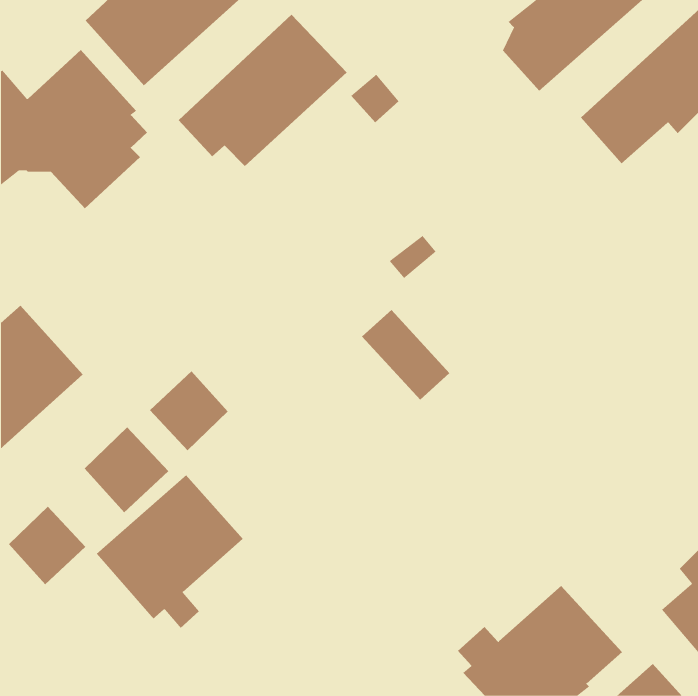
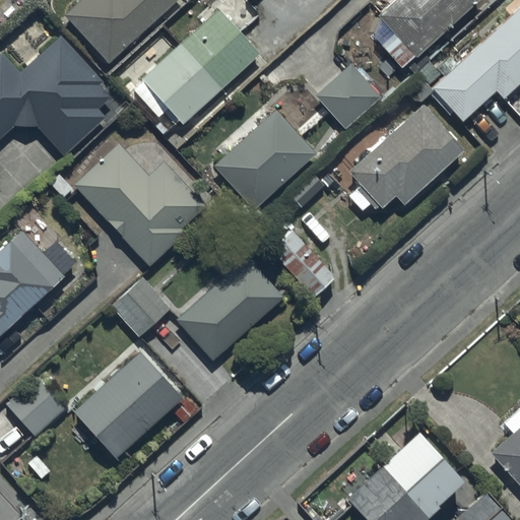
building: none -> [315,63,382,129]
building: none -> [212,102,316,226]
building: none -> [348,105,464,211]
building: none -> [74,142,206,266]
building: none -> [176,255,285,362]
building: [84,426,169,513] -> none

